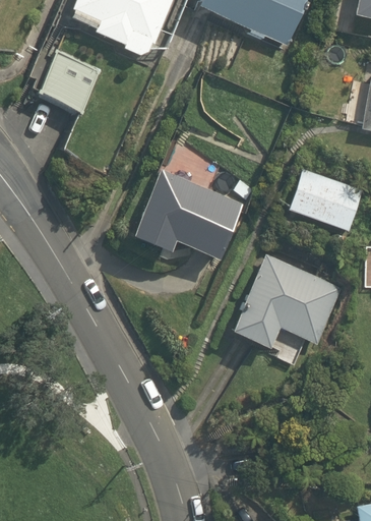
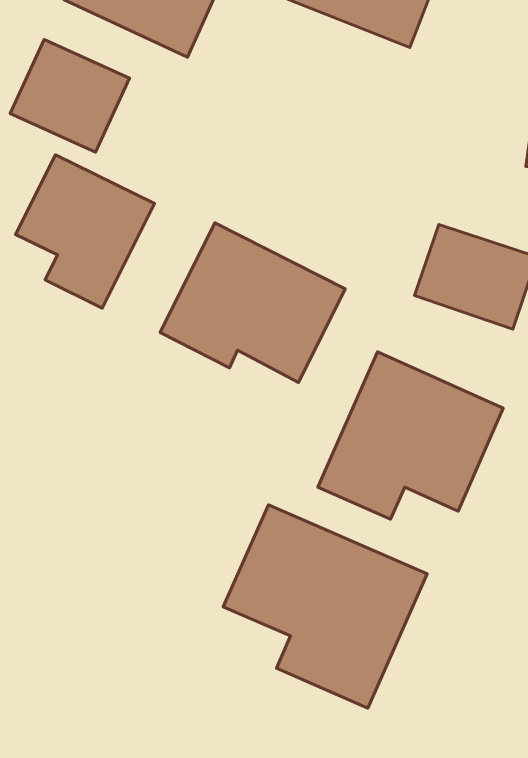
building: none -> [16,155,154,308]
building: none -> [223,505,427,708]

